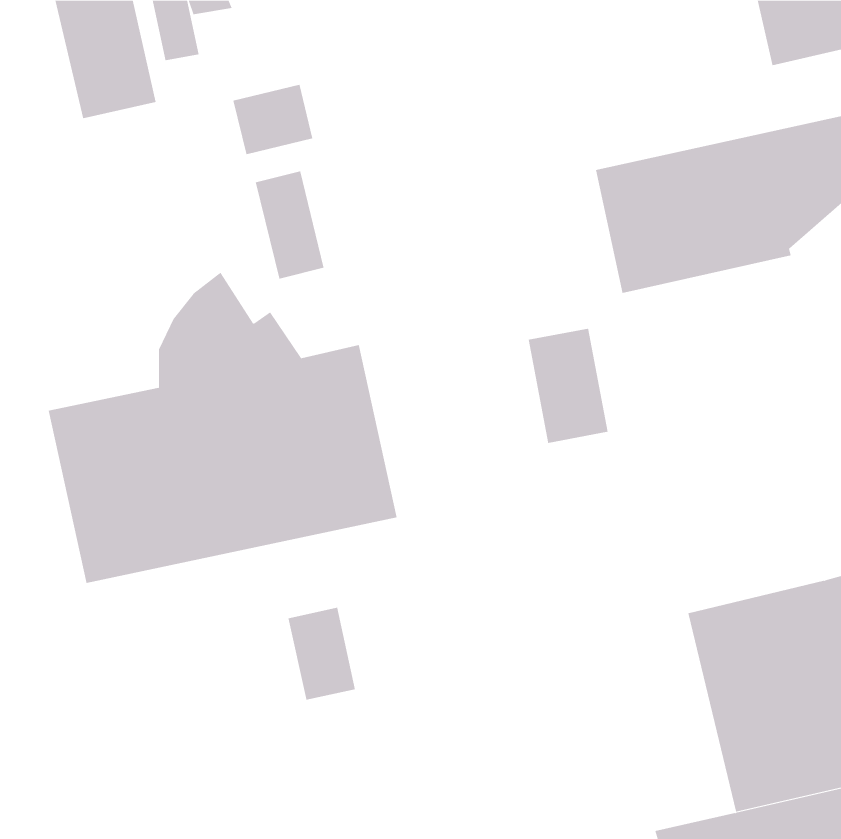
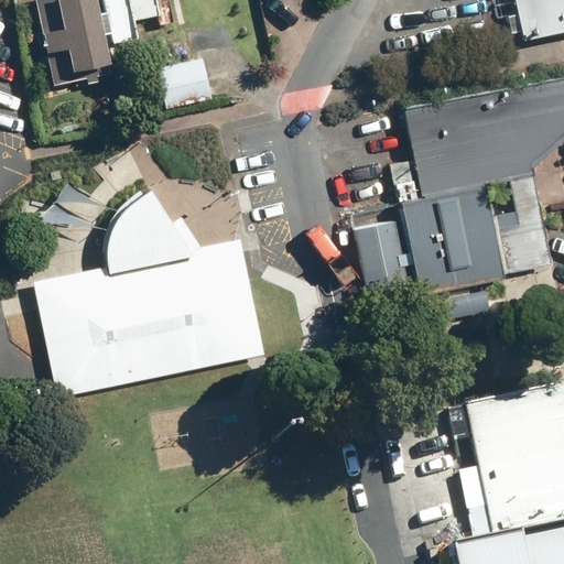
building: [255,171,324,279] -> none
building: none -> [399,173,550,293]
building: [288,607,356,701] -> none

